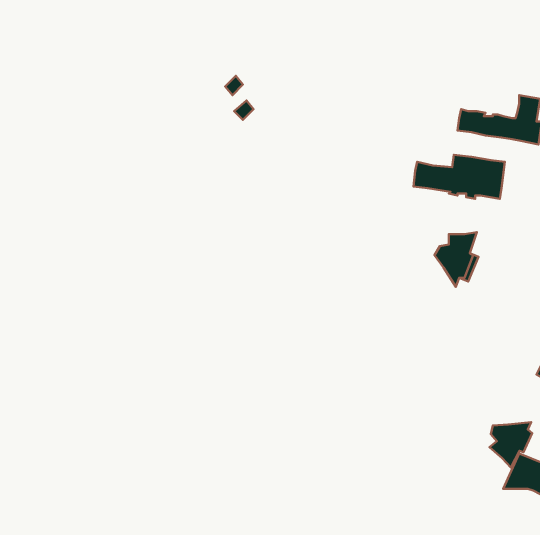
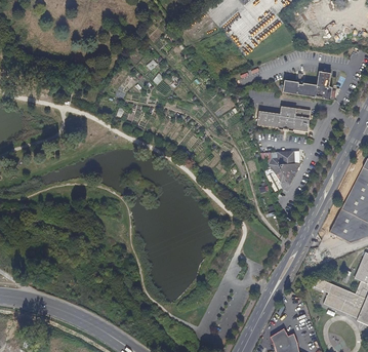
building: [490,422,532,468] -> none

